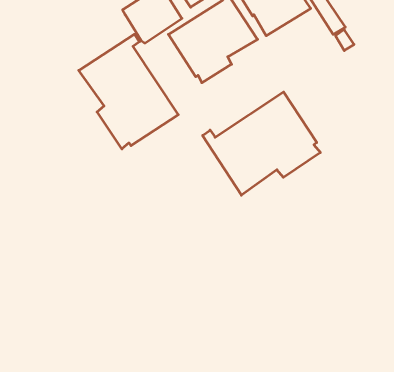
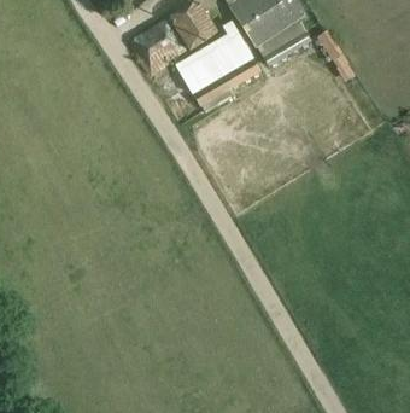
building: [79,34,178,149] -> none
building: [203,92,320,195] -> none

